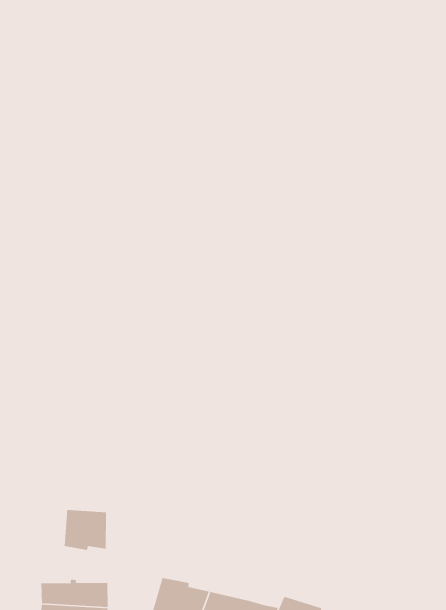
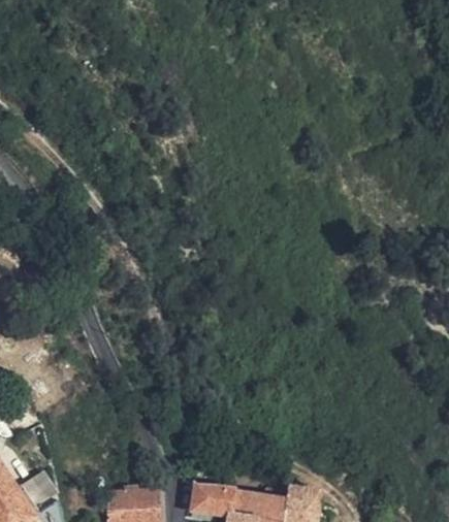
building: [64,509,107,551] -> none

